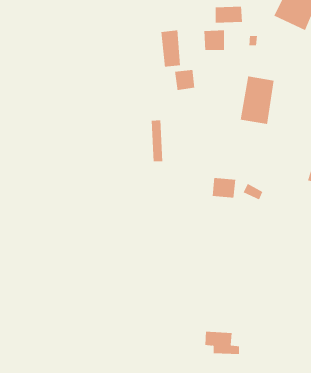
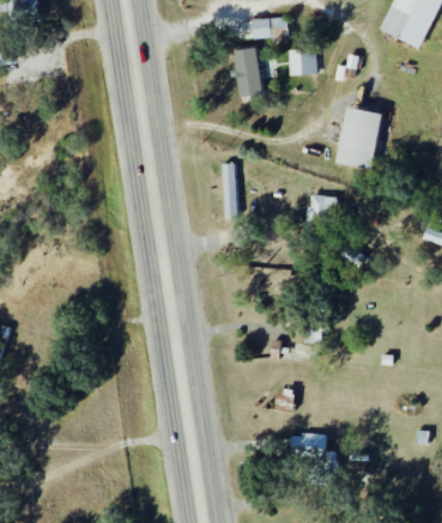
building: [215,6,243,23] -> [254,17,290,38]
building: [174,69,195,91] -> none
building: [212,178,236,198] -> [308,195,339,221]

